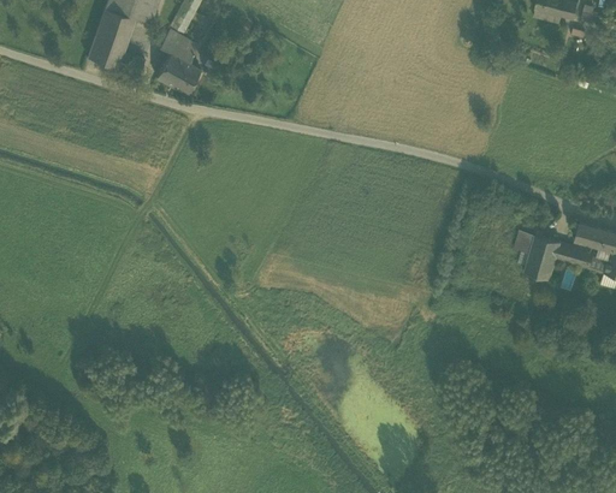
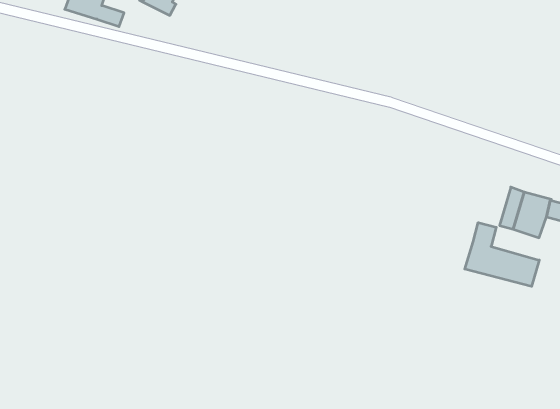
building: [158,53,202,95] -> none
building: none -> [465,223,539,286]

